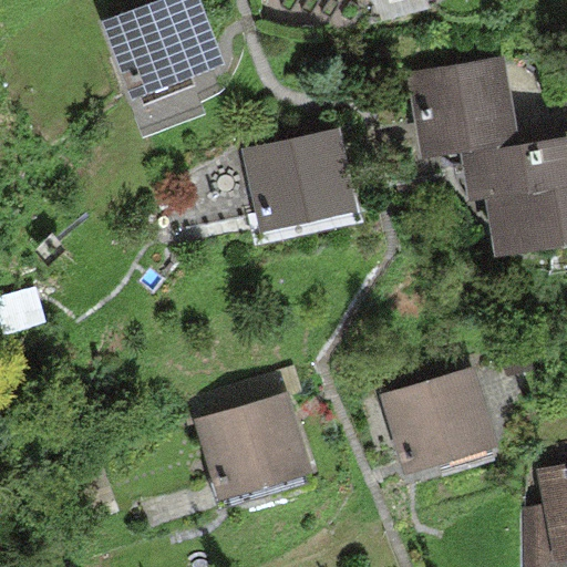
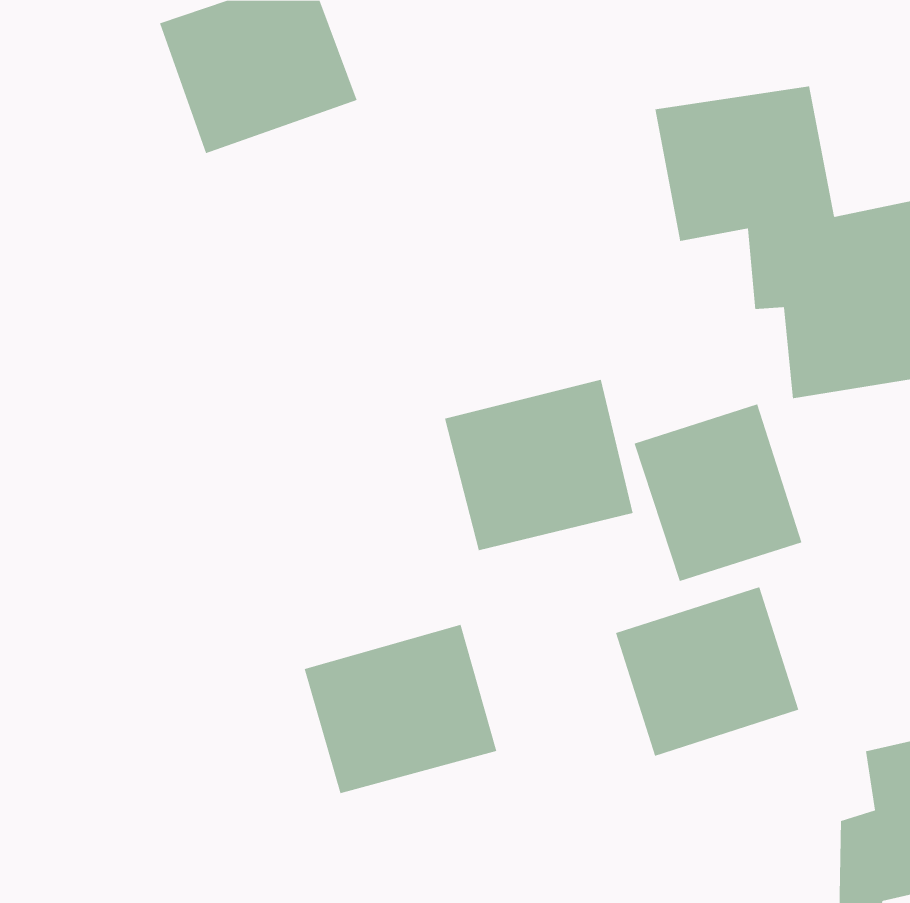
building: [241,127,359,234] -> [444,379,634,551]
building: none -> [634,403,802,582]

